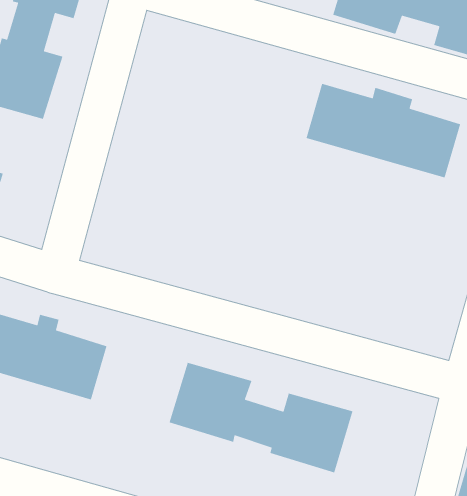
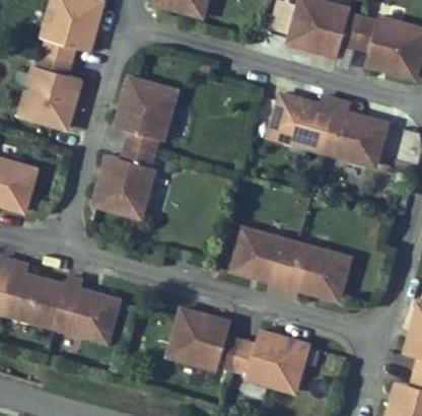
building: none -> [93,75,178,215]
building: none -> [229,230,348,303]

